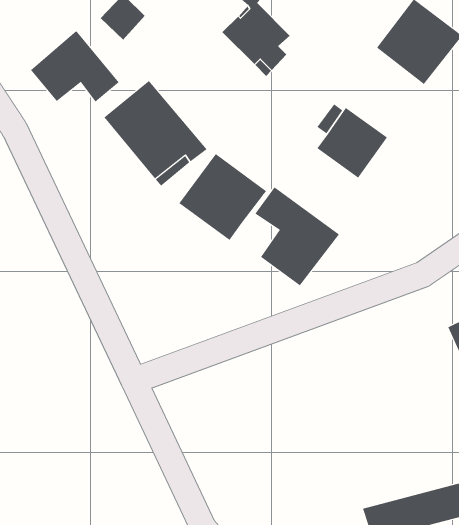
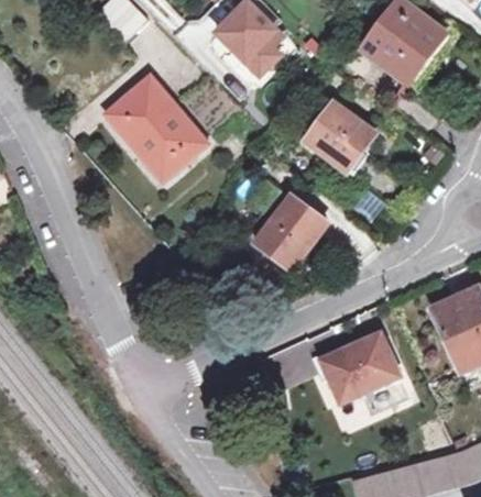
building: [30,30,119,103] -> none
building: [179,153,267,241] -> none
building: none -> [318,333,401,404]

